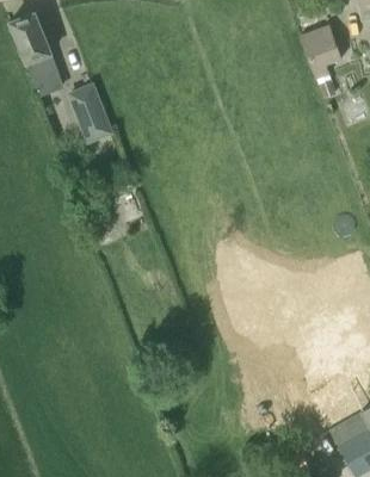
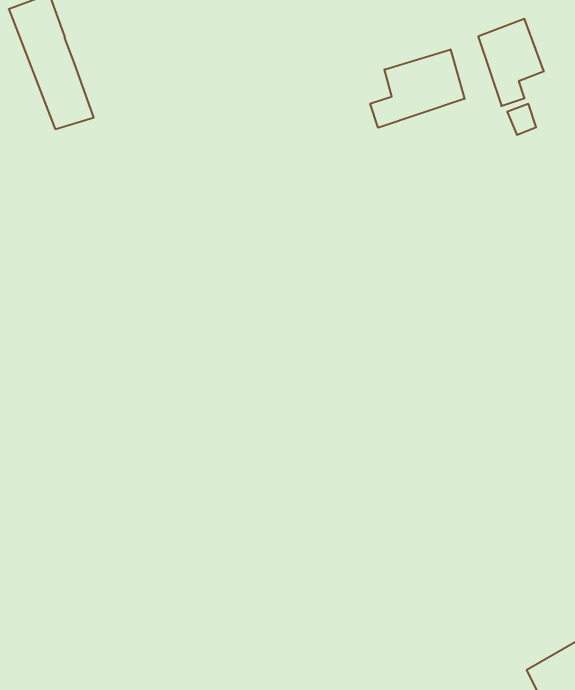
building: none -> [370,49,465,128]
building: [69,83,113,143] -> none

